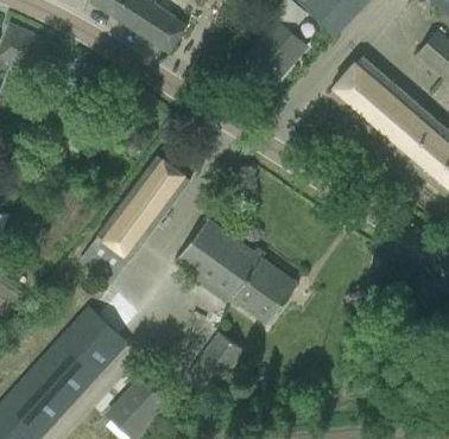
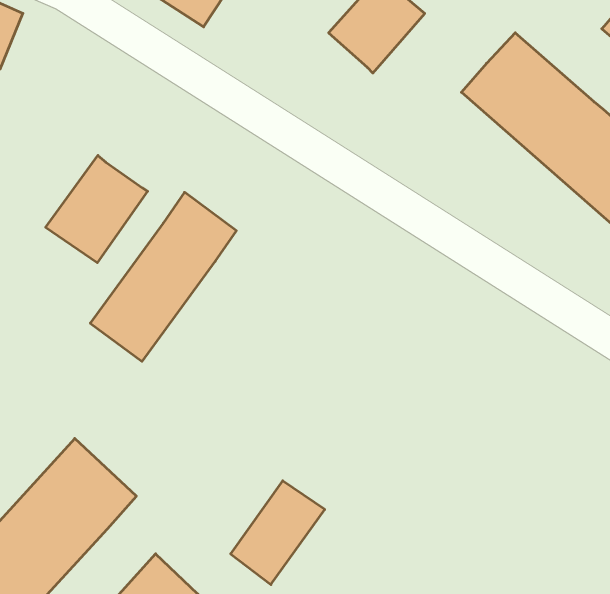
building: none -> [46,155,148,263]
building: [177,218,298,324] -> none

